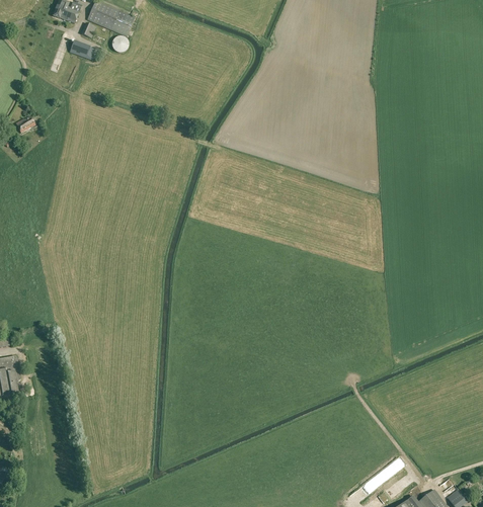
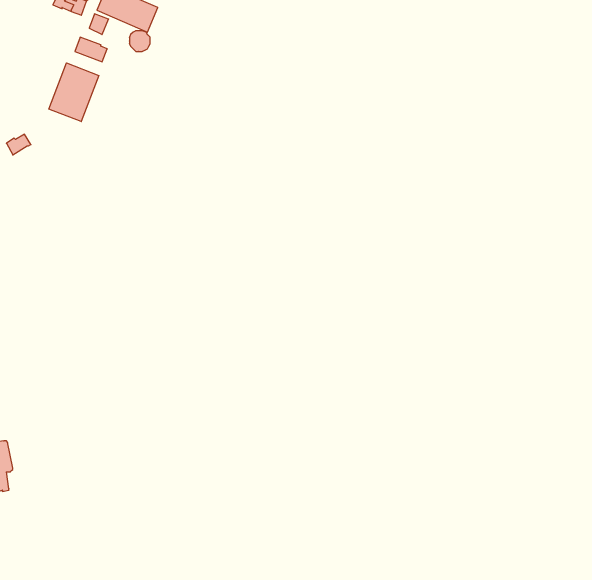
building: none -> [49,63,99,122]

